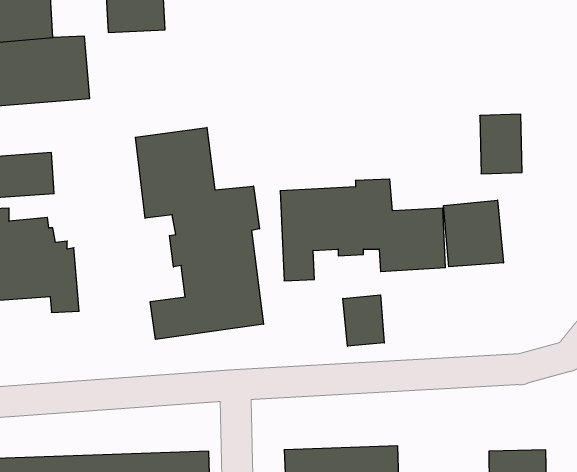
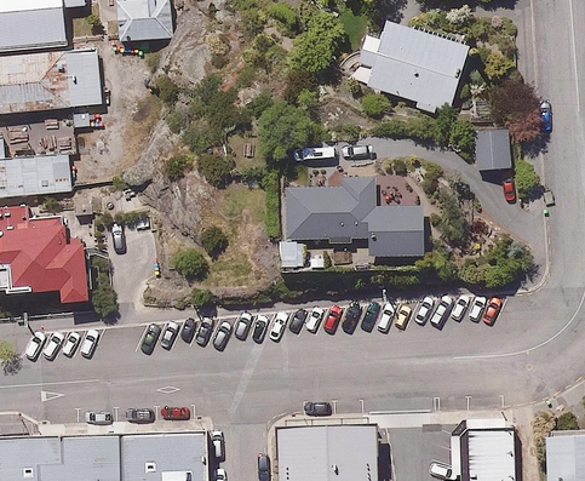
building: none -> [346,22,468,119]
building: [135,127,264,339] -> none
building: [443,200,503,267] -> none
building: [343,295,384,346] -> none

